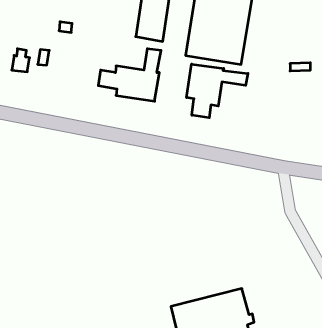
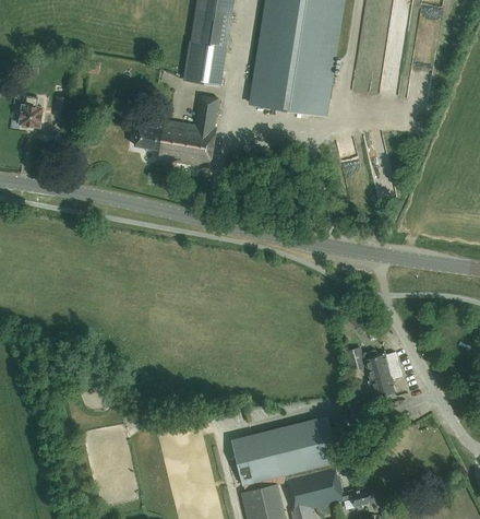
building: [187,64,248,118] -> none
building: none -> [345,346,400,396]

